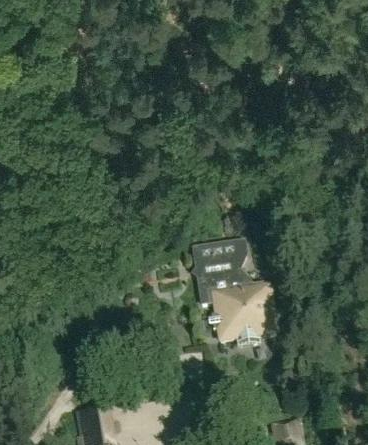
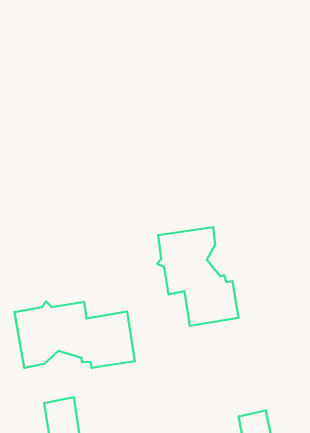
building: none -> [14,301,135,368]

